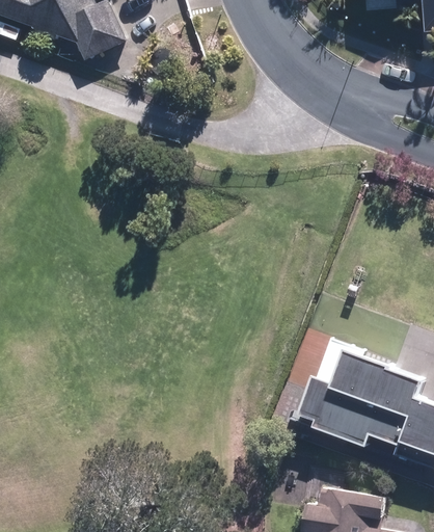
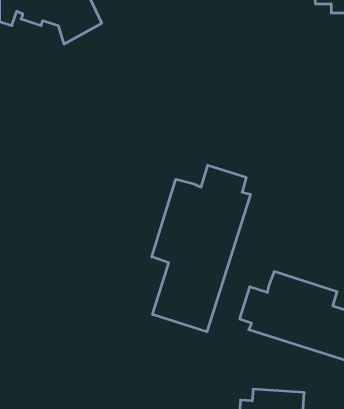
building: none -> [152,165,250,332]

